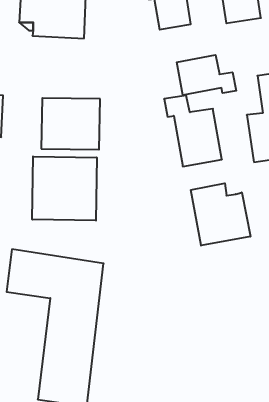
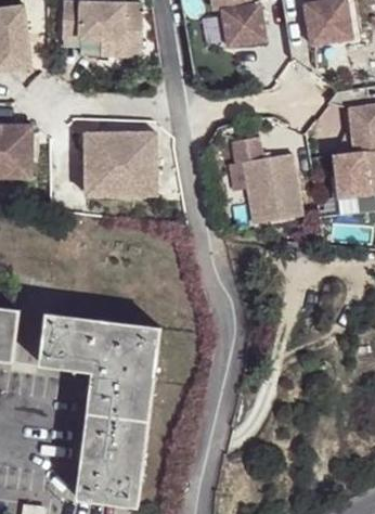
building: [177,55,236,95] -> none
building: [32,156,97,221] -> none
building: [191,183,250,246] -> none

